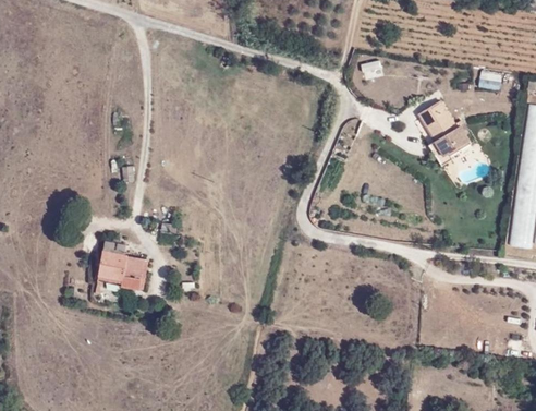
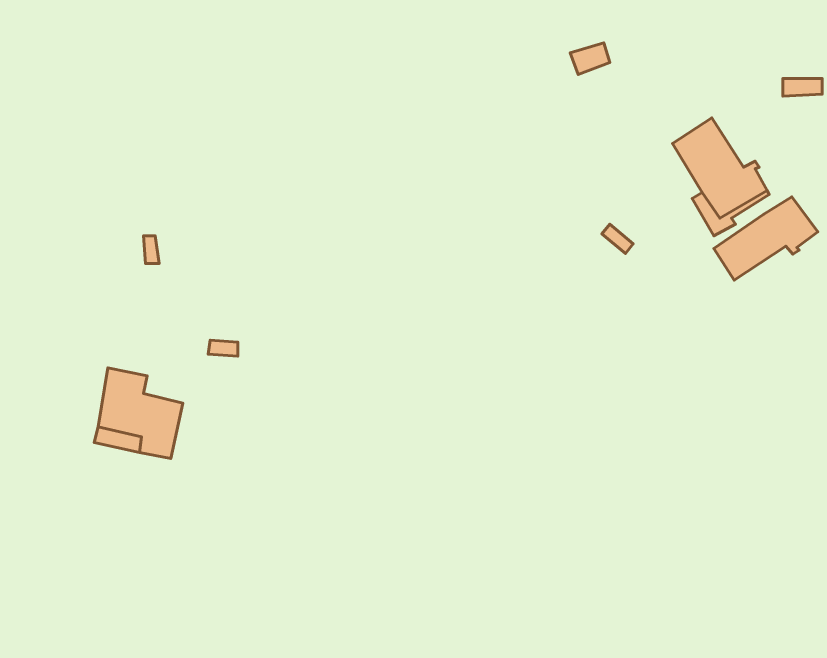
building: none -> [714,197,818,280]

